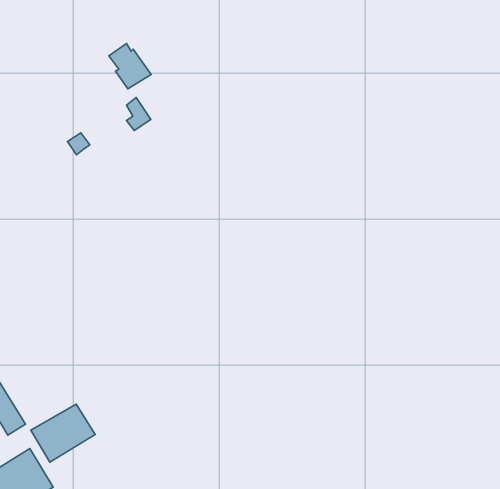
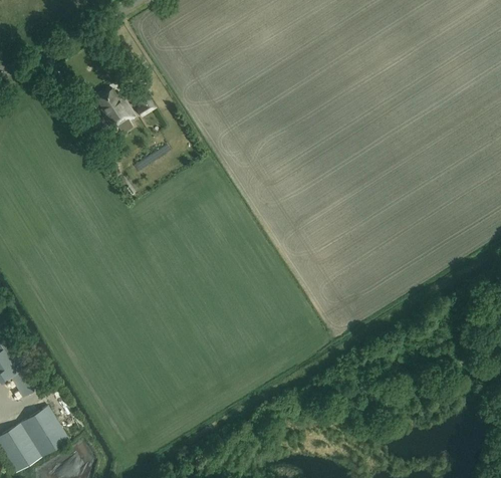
building: [109,44,151,89] -> [93,90,132,132]
building: [31,404,95,462] -> none

